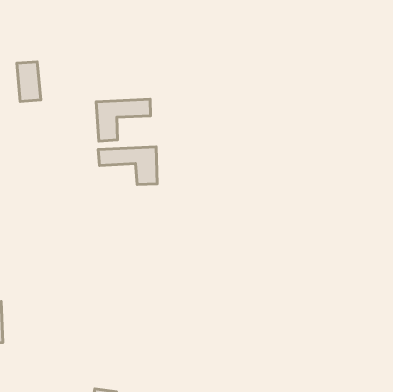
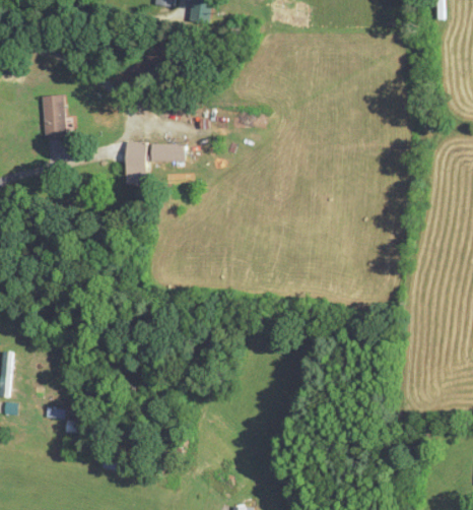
building: [98,147,157,185] -> none

